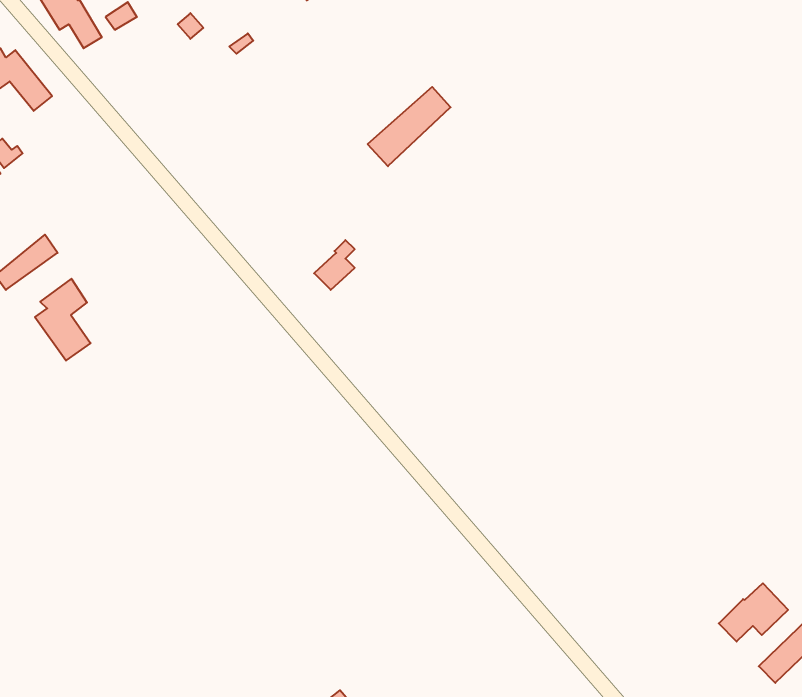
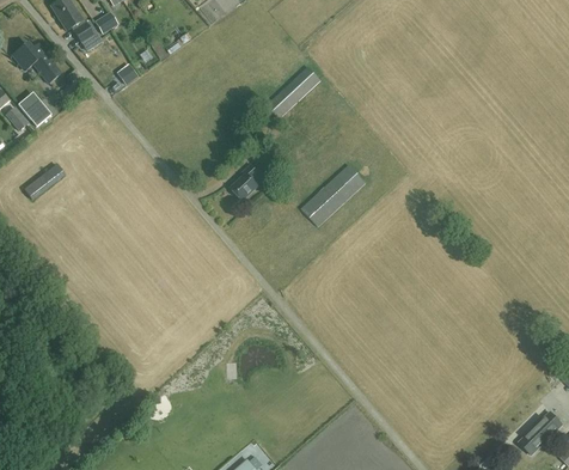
building: none -> [301,164,366,226]
building: [35,279,91,361] -> none
building: [719,583,788,642] -> none

